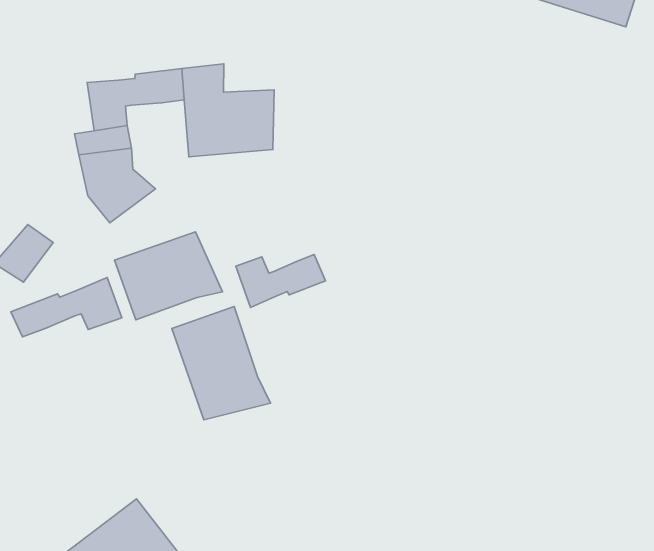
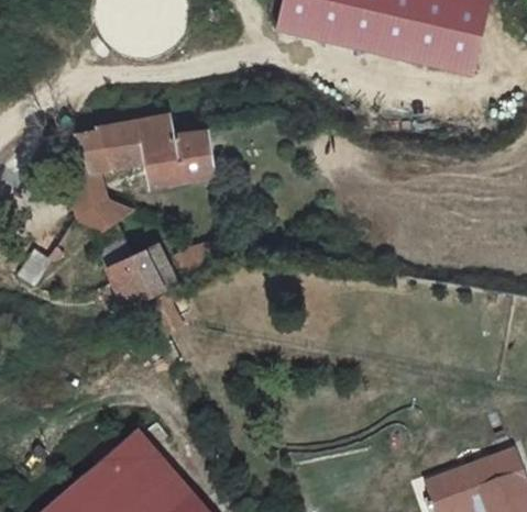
building: [236,255,325,308] -> none
building: [11,277,122,337] -> none
building: [172,307,271,420] -> none

